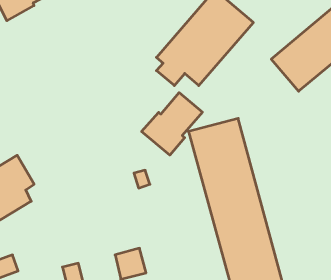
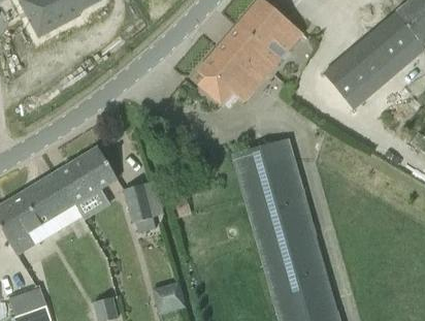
building: [142,93,202,155] -> none
building: none -> [45,147,118,211]
building: none -> [124,181,161,232]

